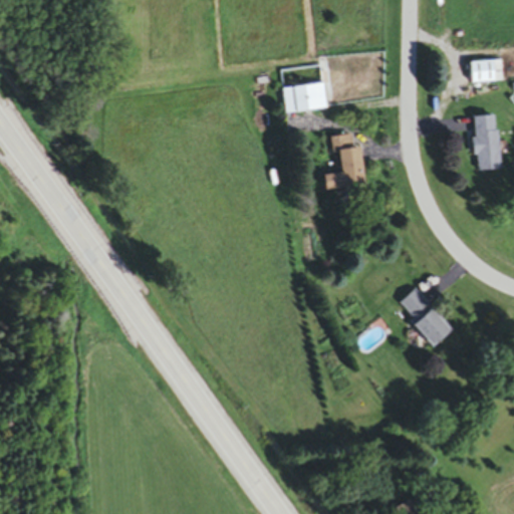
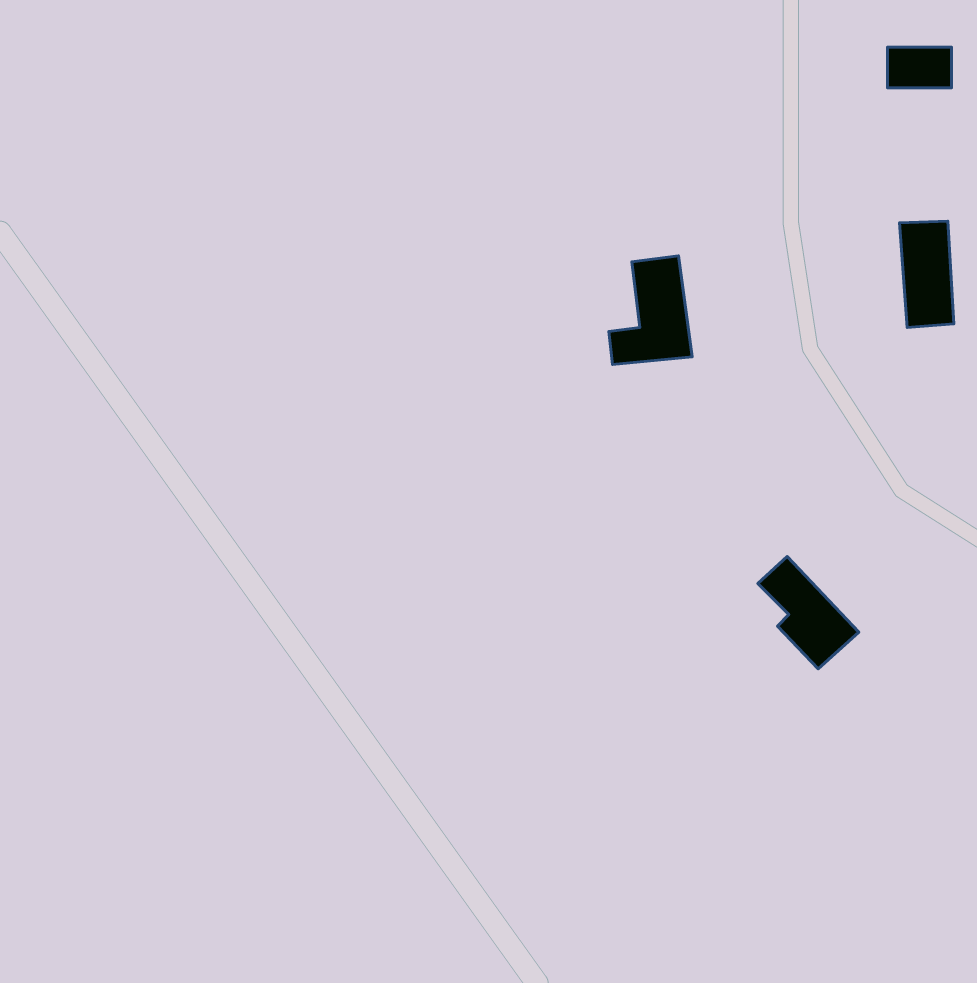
building: [471,59,504,80] -> [888,47,952,88]
building: [285,81,331,112] -> none

